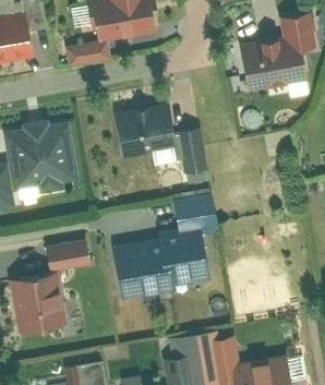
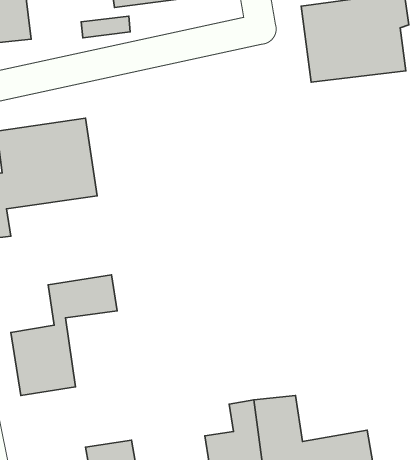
building: [115,107,204,180] -> none
building: [109,192,219,303] -> none

